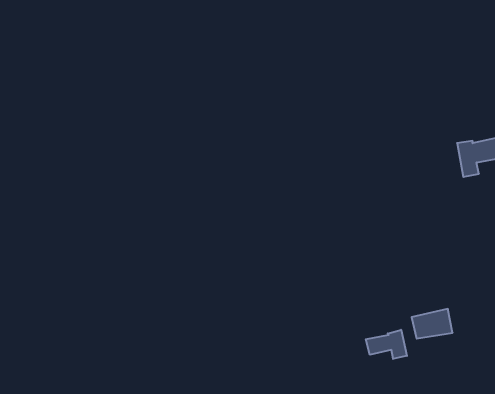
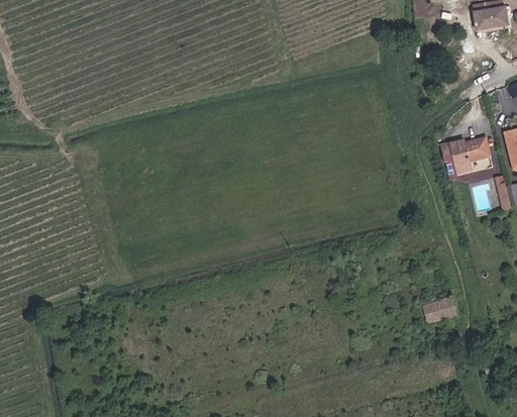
building: [366,330,407,359] -> none

